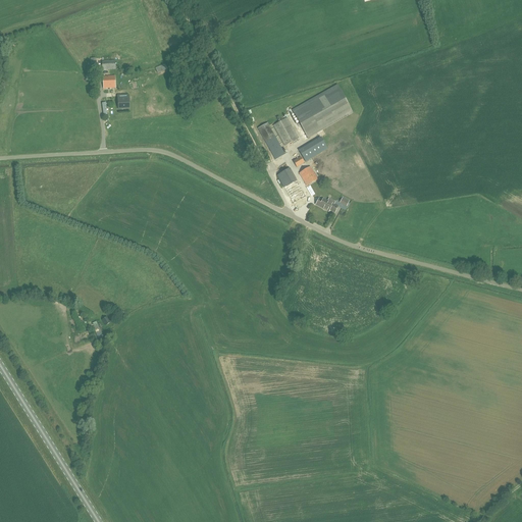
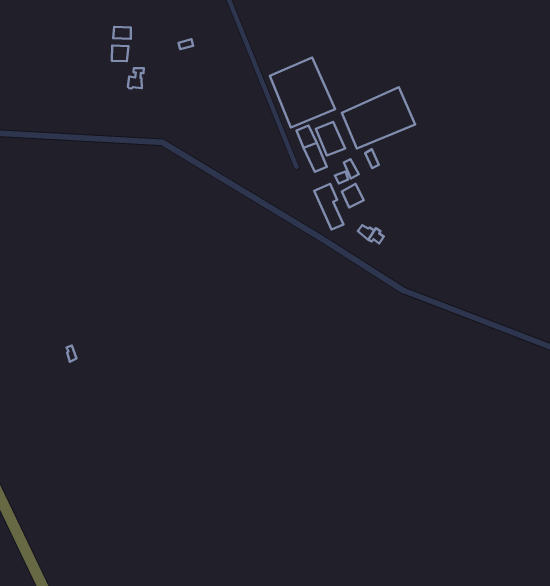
building: none -> [270,58,335,127]

